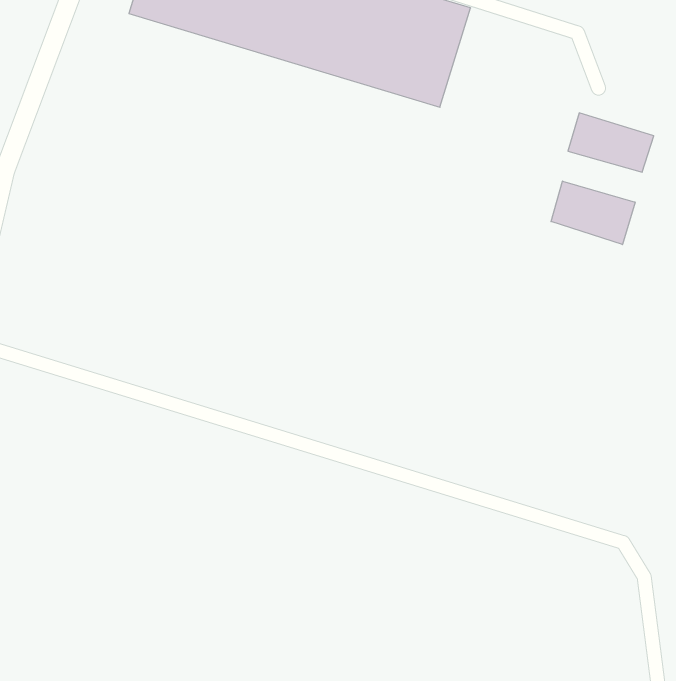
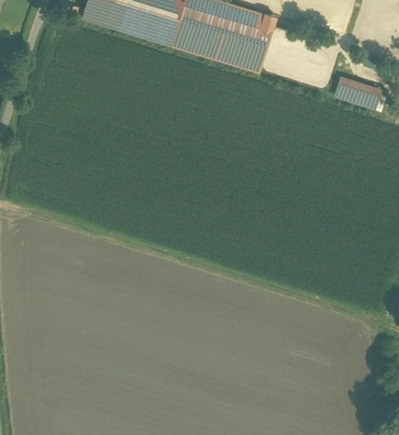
building: [551,181,635,245] -> none

